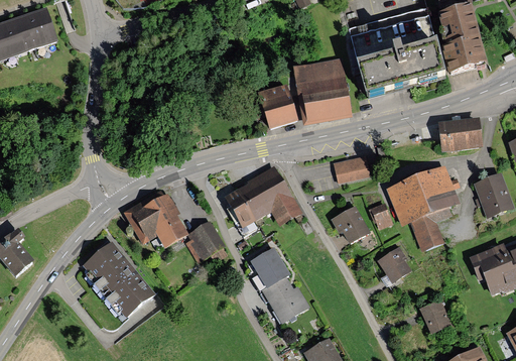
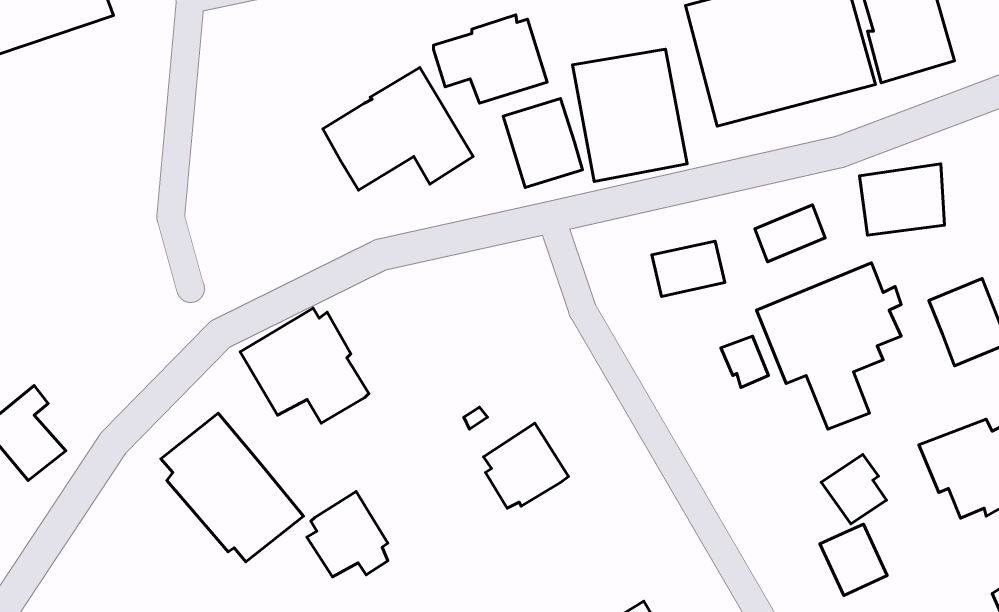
building: none -> [433,15,547,103]
building: none -> [755,205,825,262]
building: [224,166,300,229] -> [323,67,473,190]
building: [331,206,370,244] -> none
building: [184,219,226,262] -> [307,492,388,577]
building: [377,247,410,282] -> [821,454,887,524]
building: [260,277,309,325] -> none

